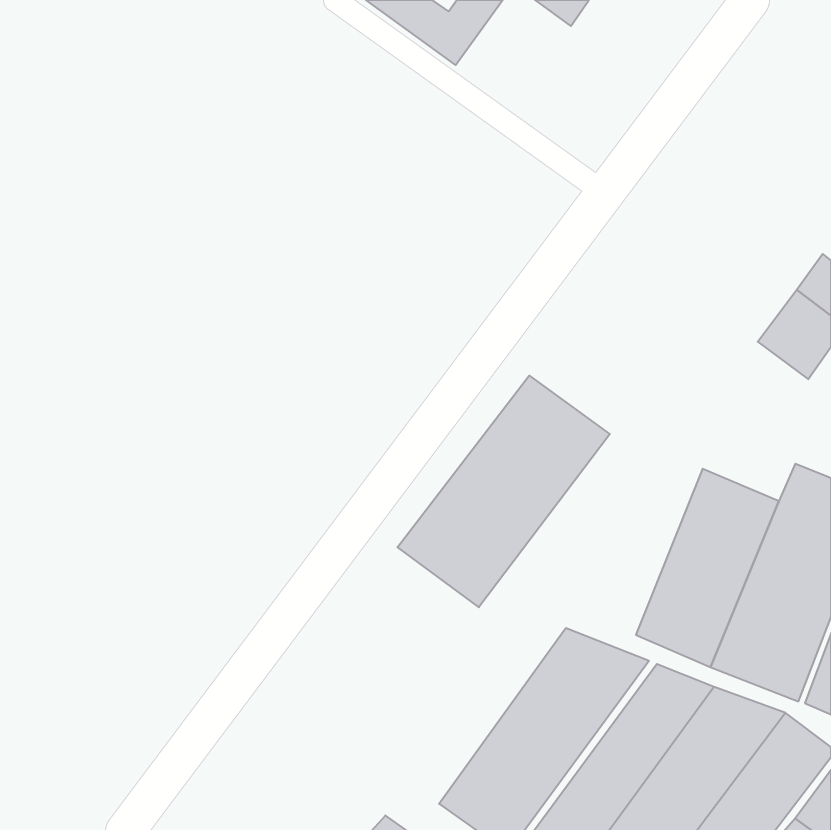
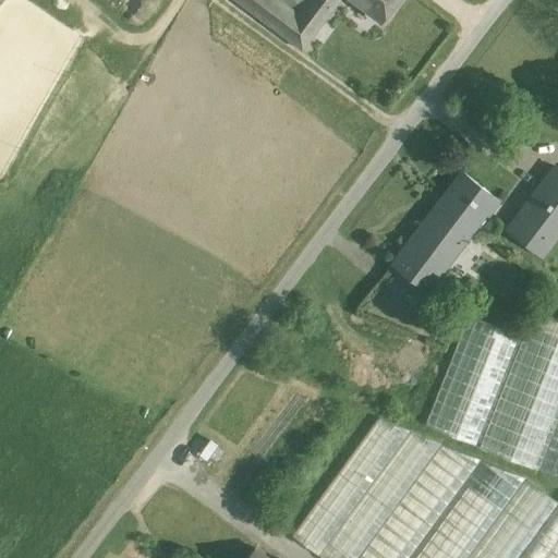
building: none -> [393,178,495,292]
building: [397,376,610,607] -> none

